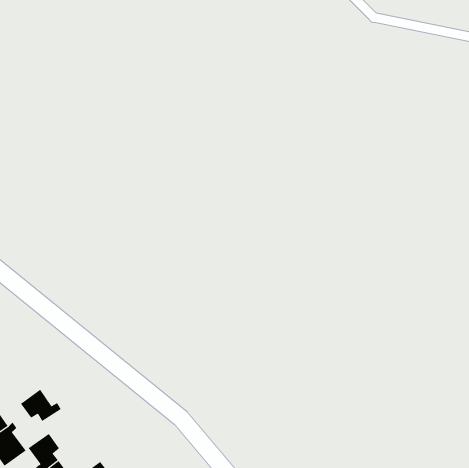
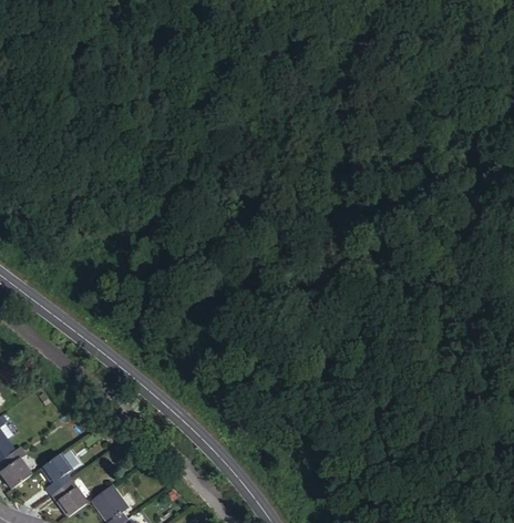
building: [20,389,61,422] -> none

